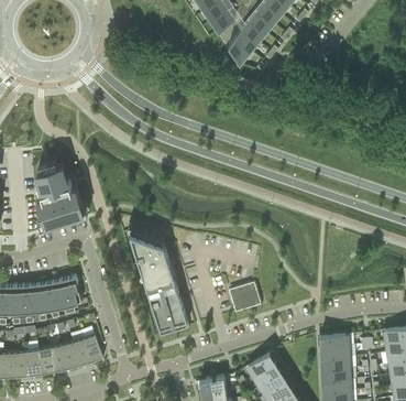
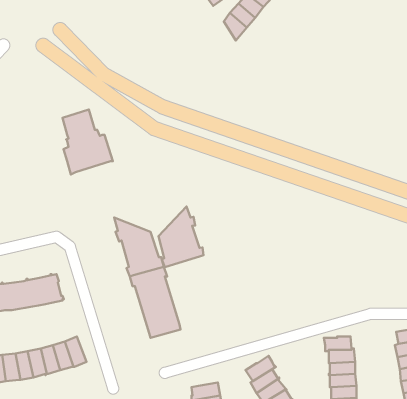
building: [36,164,83,224] -> [62,110,113,174]
building: none -> [159,206,204,267]
building: [228,283,260,313] -> none

